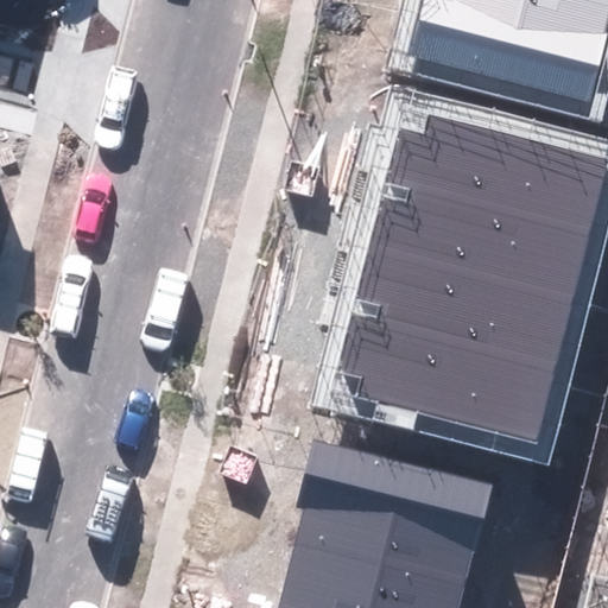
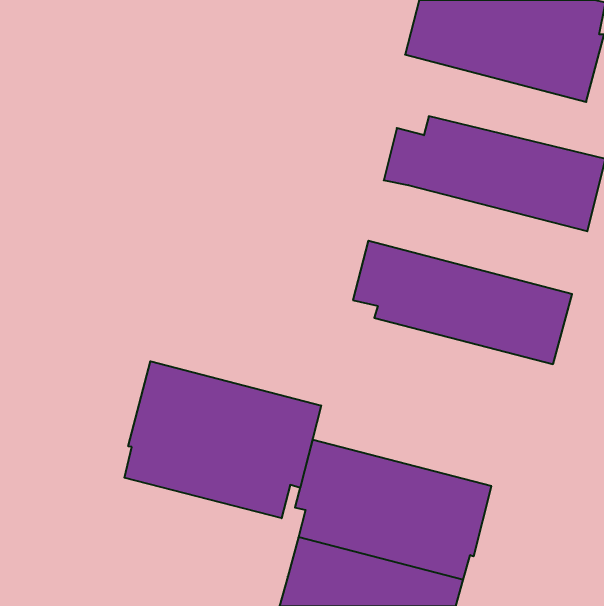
building: [370,185,590,294] -> none
building: [340,314,556,441] -> none
building: none -> [124,361,321,518]

